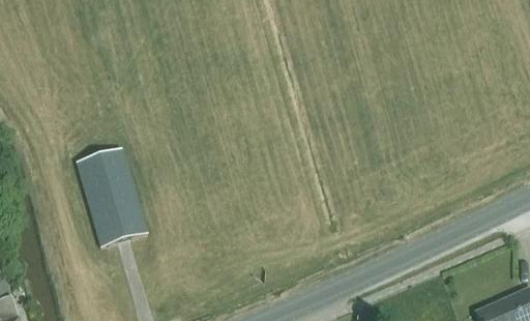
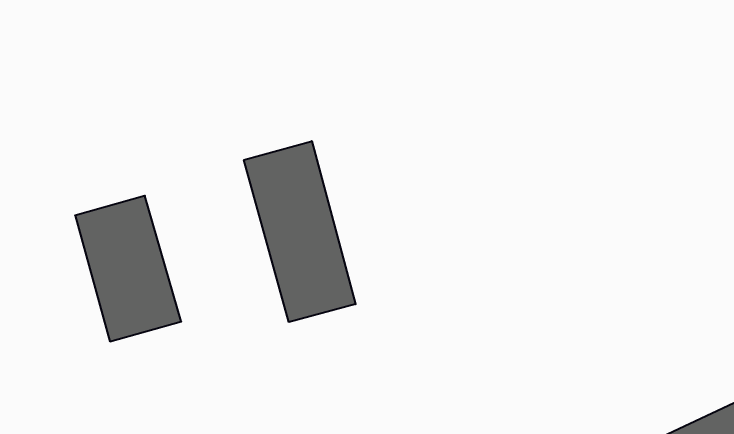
building: none -> [244,141,356,322]

